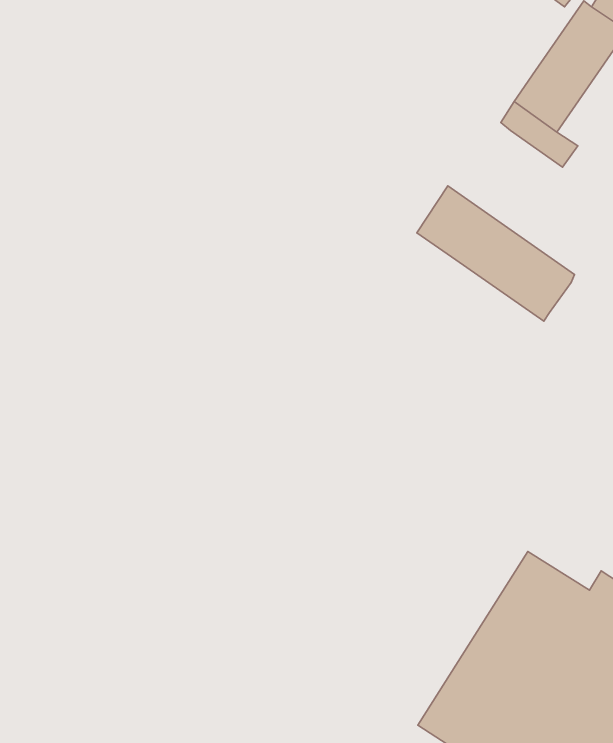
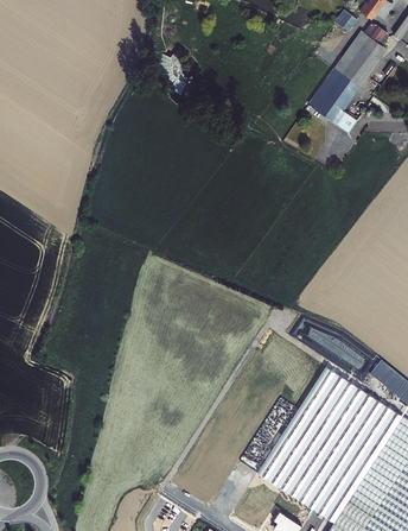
building: [417,186,575,321] -> none

